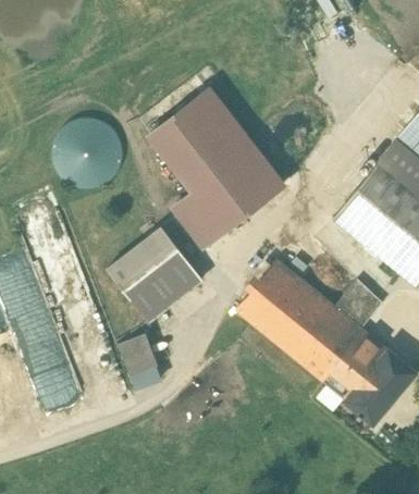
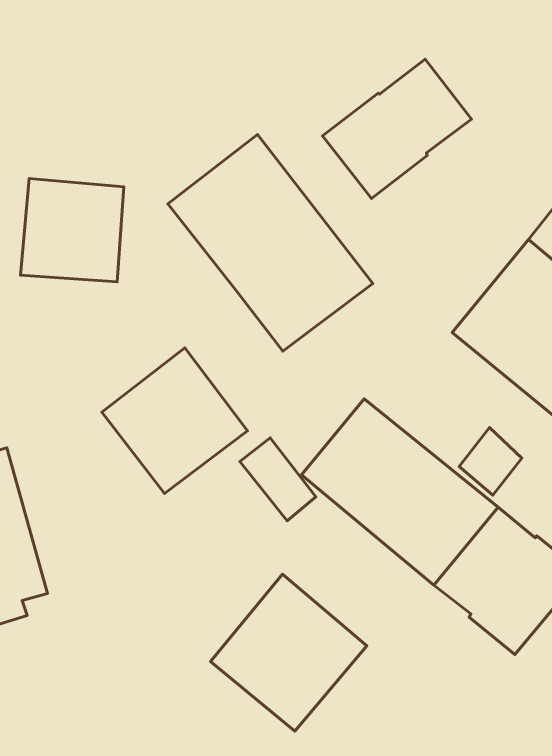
building: none -> [322,59,472,198]
building: [175,193,224,246] -> [240,438,316,521]
building: [119,333,164,383] -> none
building: none -> [210,574,367,731]

